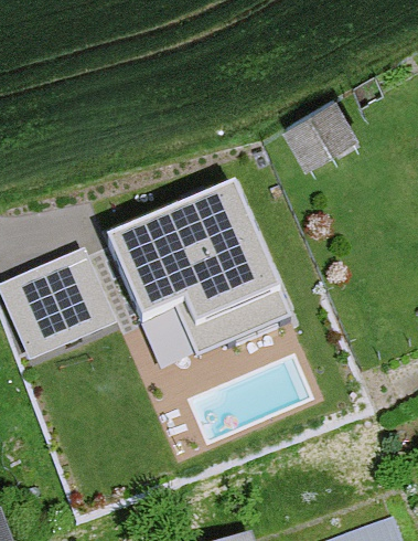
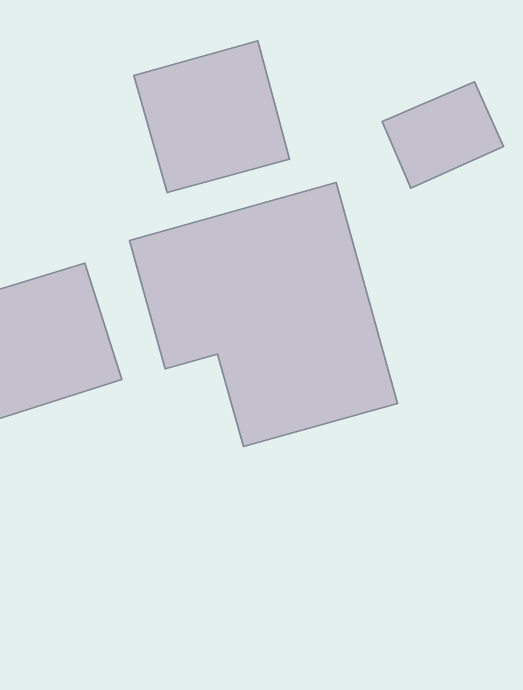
building: none -> [134,41,290,193]

